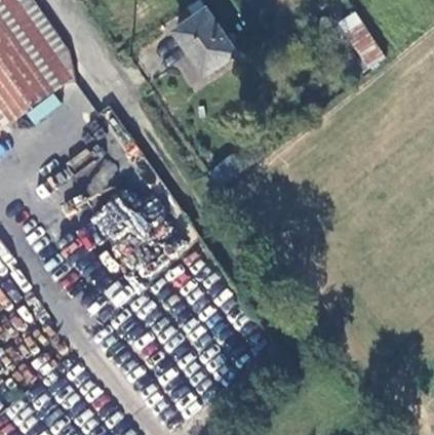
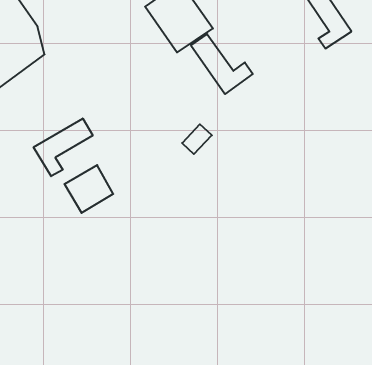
building: none -> [191,34,253,94]
building: none -> [34,118,93,176]

